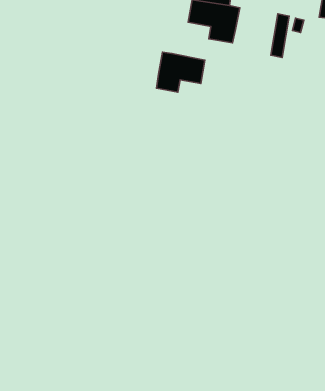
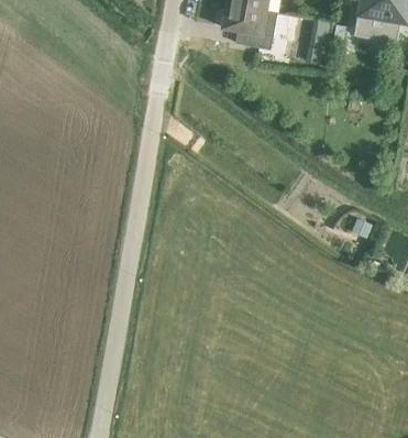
building: [157,52,205,92] -> none

